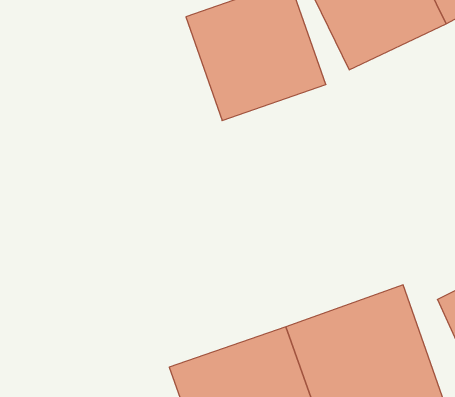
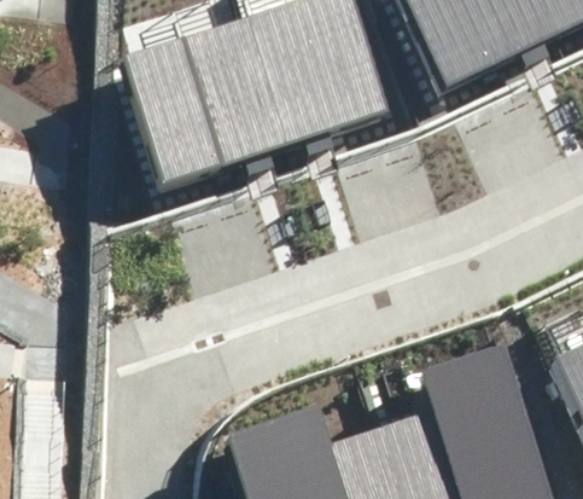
building: none -> [111,22,282,195]

